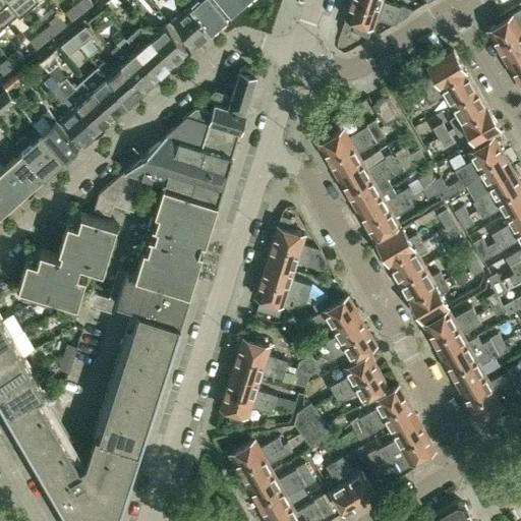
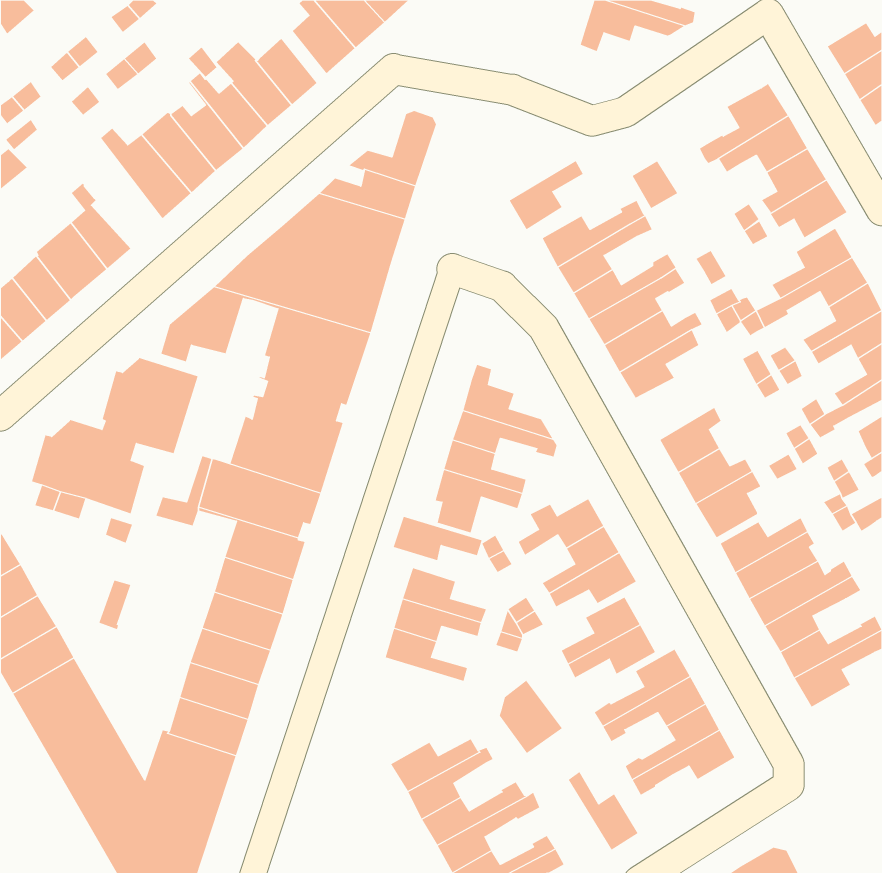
building: [44,78,96,148] -> none
building: none -> [509,160,584,230]
building: [377,231,421,265] -> none
building: [221,393,274,419] -> [393,516,483,561]
building: [327,465,360,516] -> none

